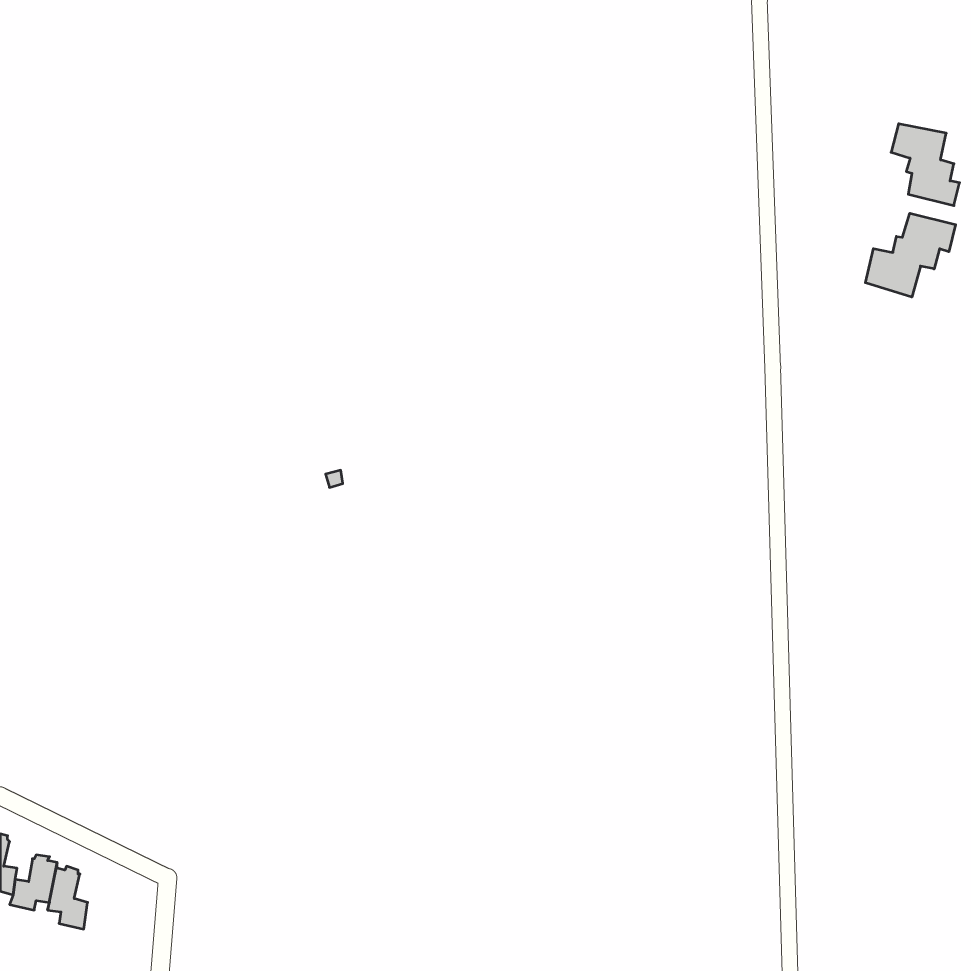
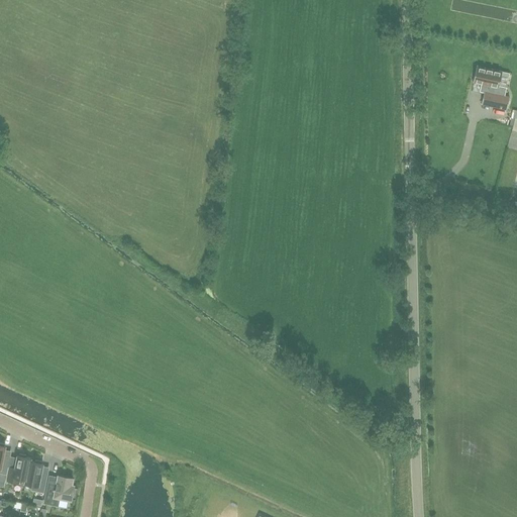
building: [865,213,956,297] -> none
building: none -> [44,476,79,507]

